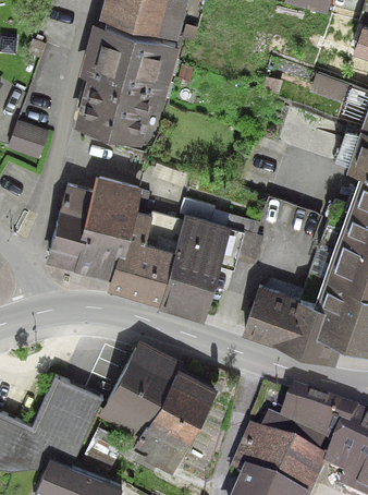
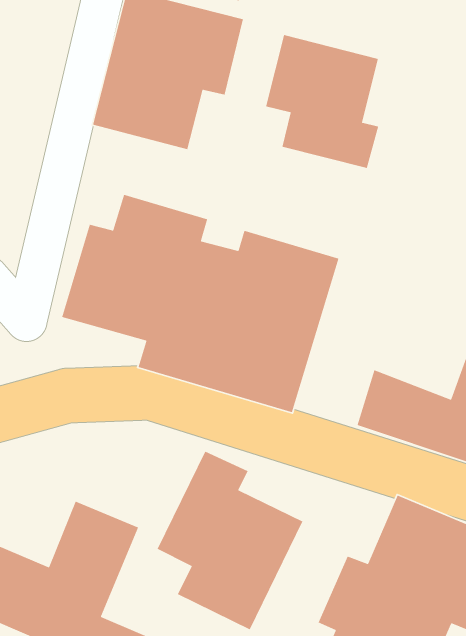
building: none -> [265,34,379,169]
building: [9,119,49,158] -> none

